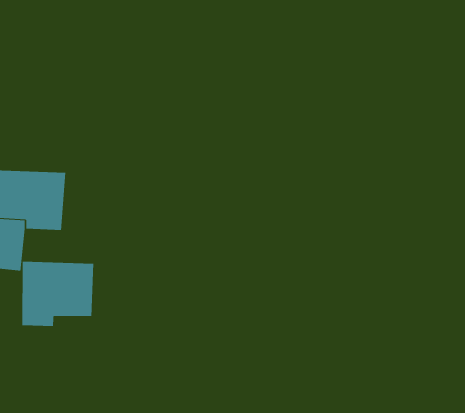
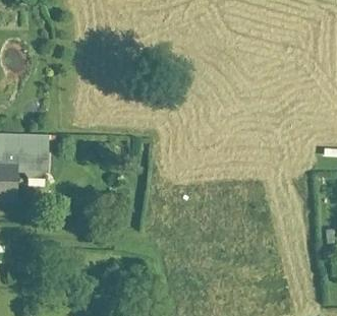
building: [22,261,94,327] -> none

